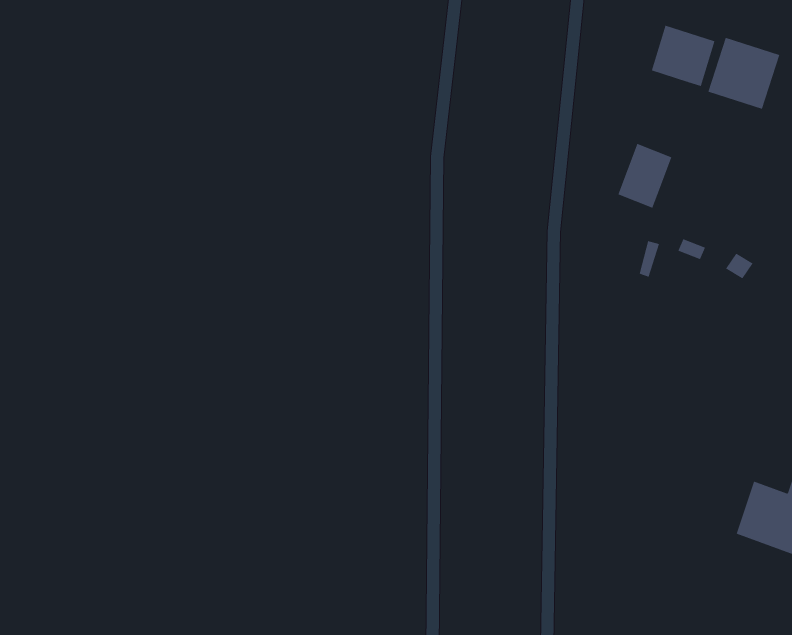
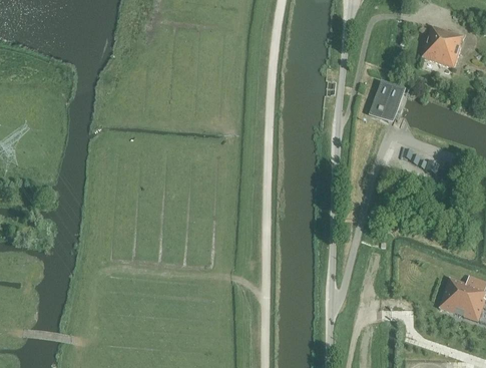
building: [651,25,715,87] -> none

